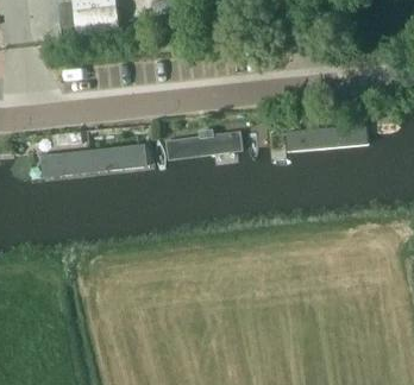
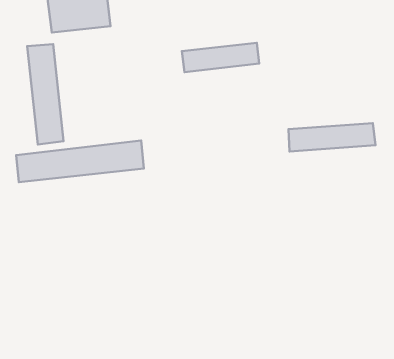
building: none -> [27,44,64,144]
building: [164,132,239,160] -> [182,43,259,72]

